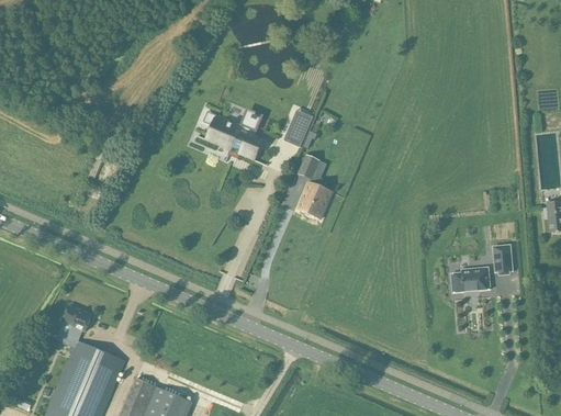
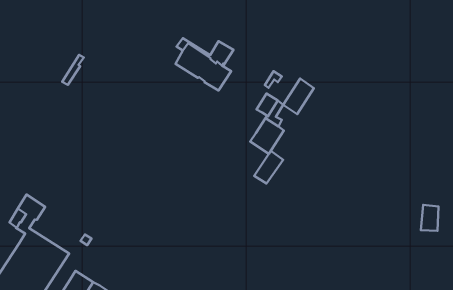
building: [283,109,313,147] -> [283,79,314,114]
building: none -> [254,151,283,184]
building: [451,267,490,292] -> none

